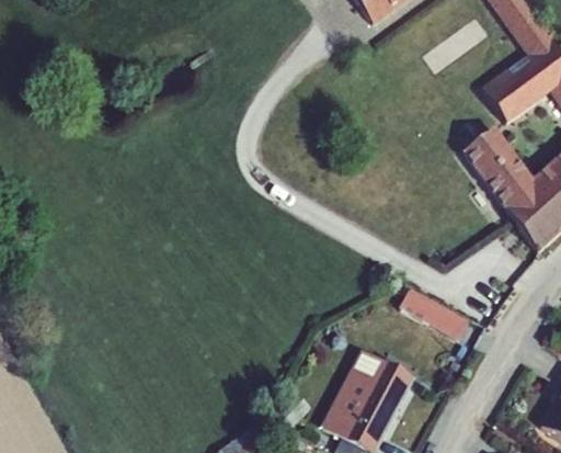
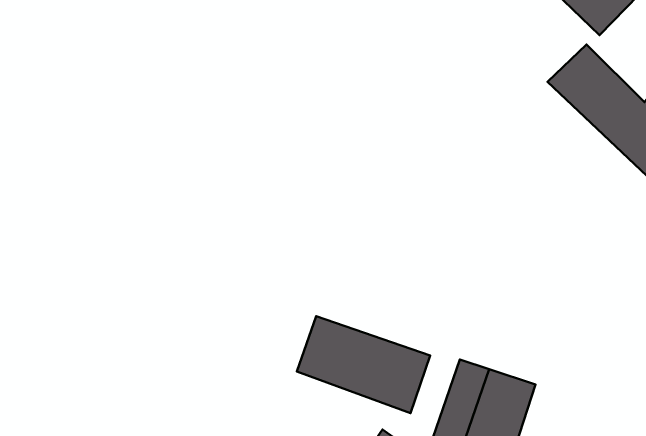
building: [398,287,470,341] -> none
building: none -> [297,316,430,413]

